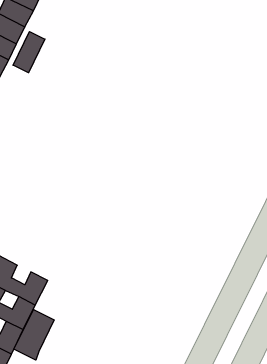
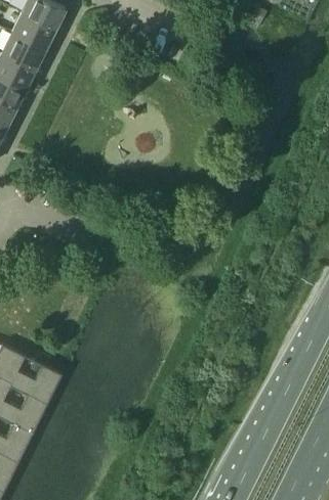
building: [13,32,45,73] -> none
building: [14,309,54,360] -> none

